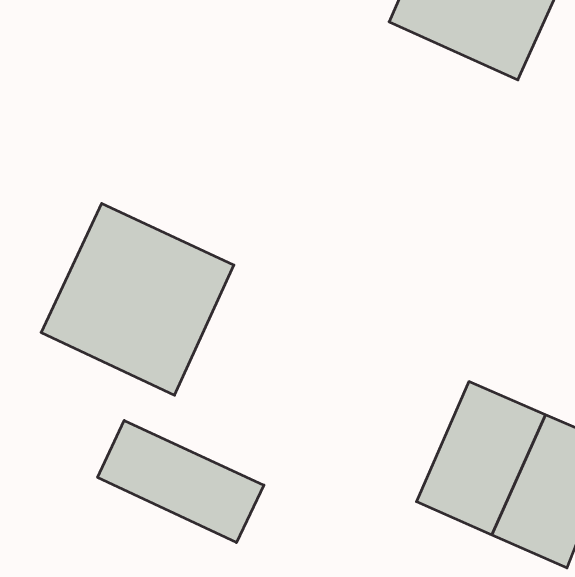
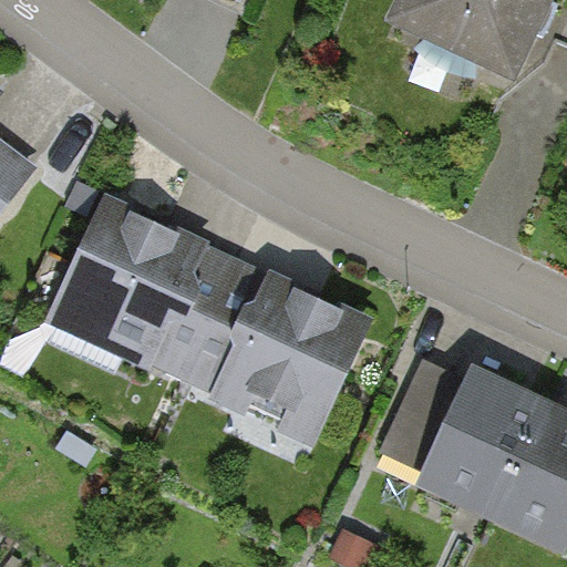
building: none -> [177,257,375,447]
building: [98,420,264,543] -> none

